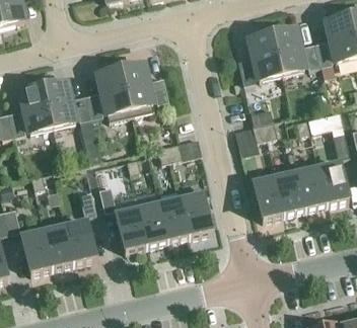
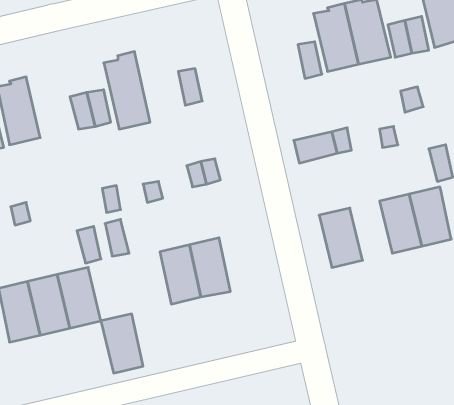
building: [120,62,154,114] -> none
building: [42,79,75,126] -> none
building: [275,171,305,214] -> none
building: [181,192,211,236] -> none
building: [116,208,146,250] -> [101,314,143,373]

